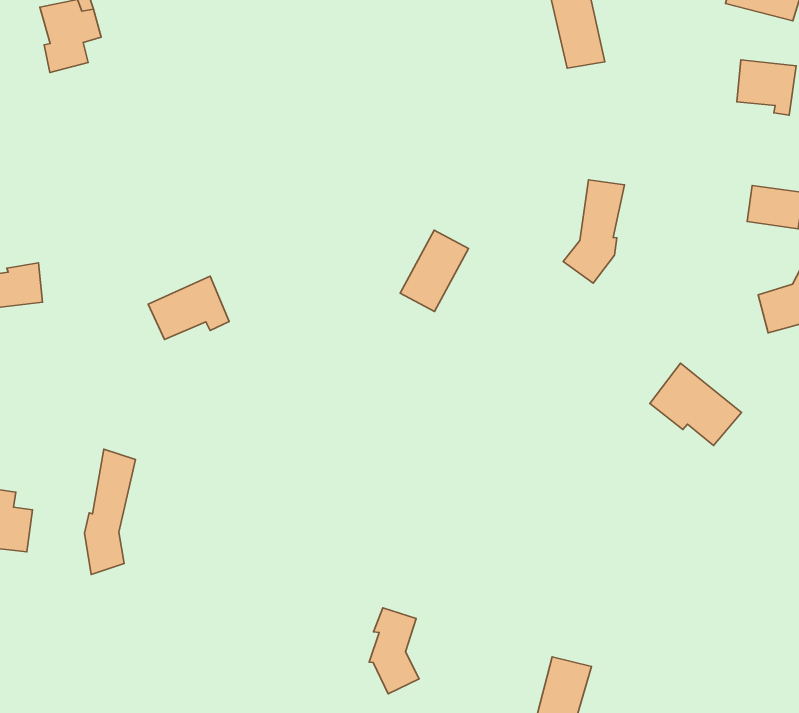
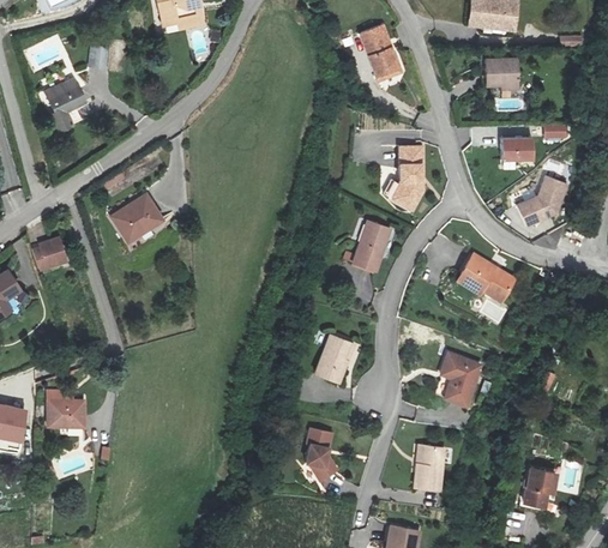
building: [400,230,468,312] -> [351,222,390,272]
building: [148,276,229,339] -> [112,193,163,236]
building: [84,449,135,574] -> none
building: none -> [314,336,354,383]
building: none -> [441,359,481,411]

